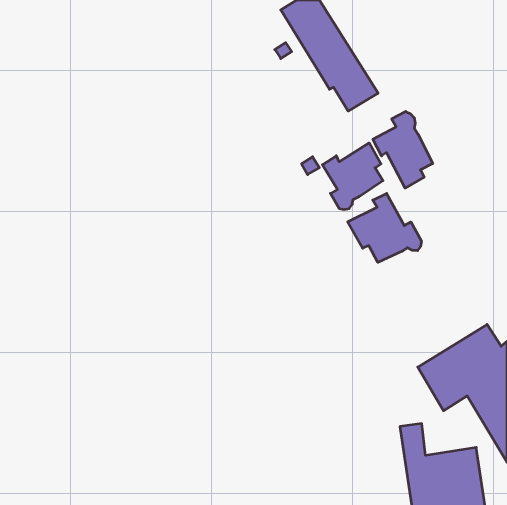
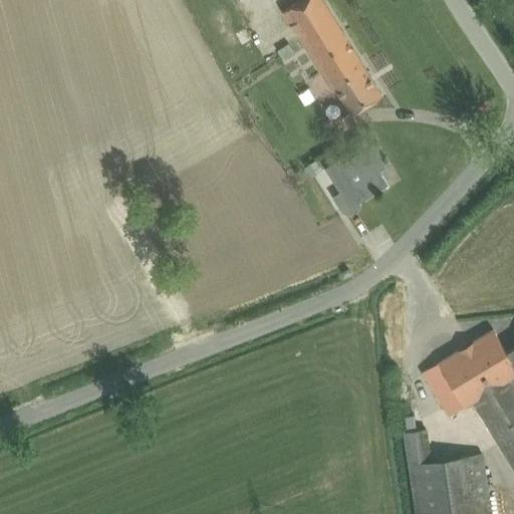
building: [373,111,433,188] -> none
building: [348,193,421,262] -> none

